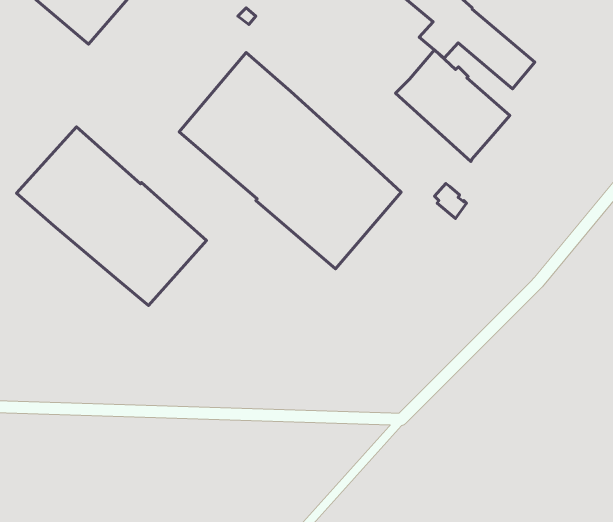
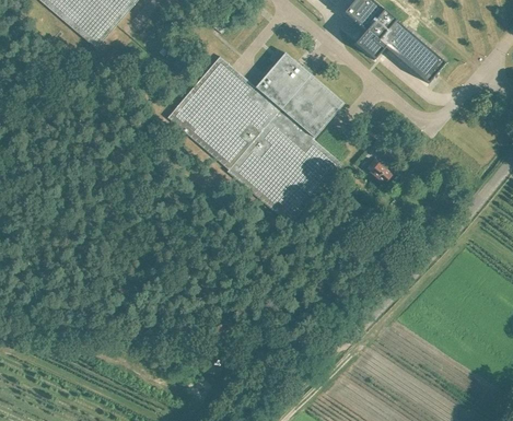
building: [396,50,510,162] -> [253,49,342,137]
building: [16,127,207,305] -> none

